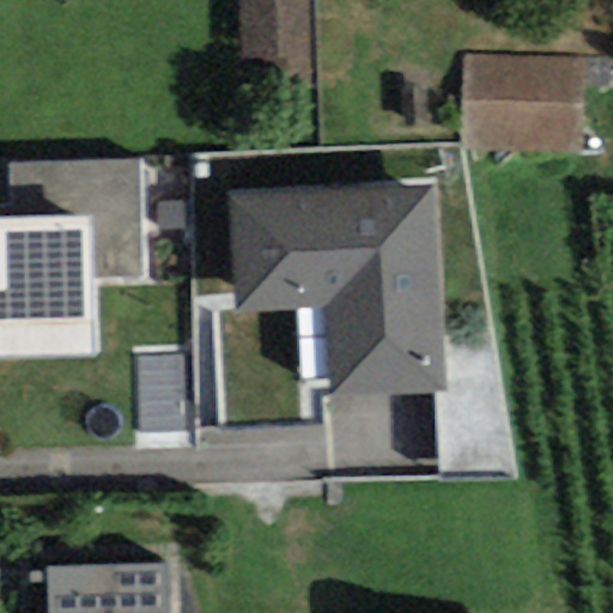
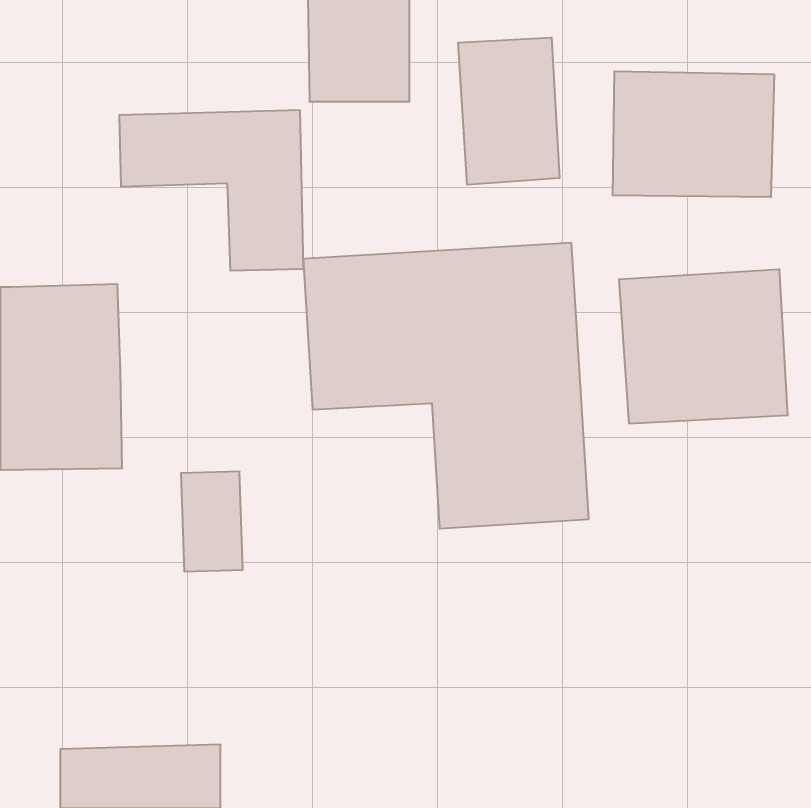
building: none -> [458,37,559,185]
building: [7,159,146,280] -> [119,110,303,271]
building: none -> [619,269,788,424]

